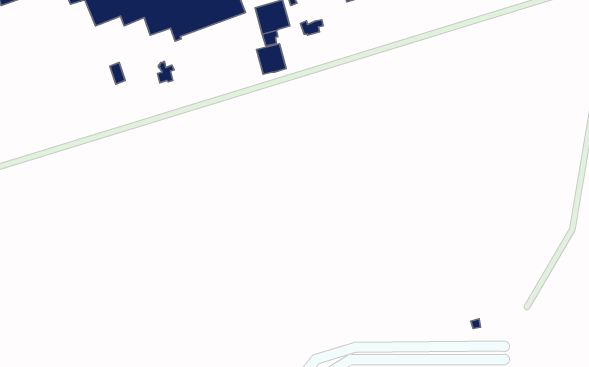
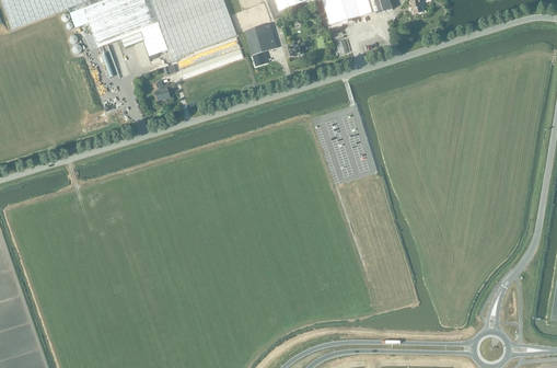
building: [256,44,286,74] -> none

